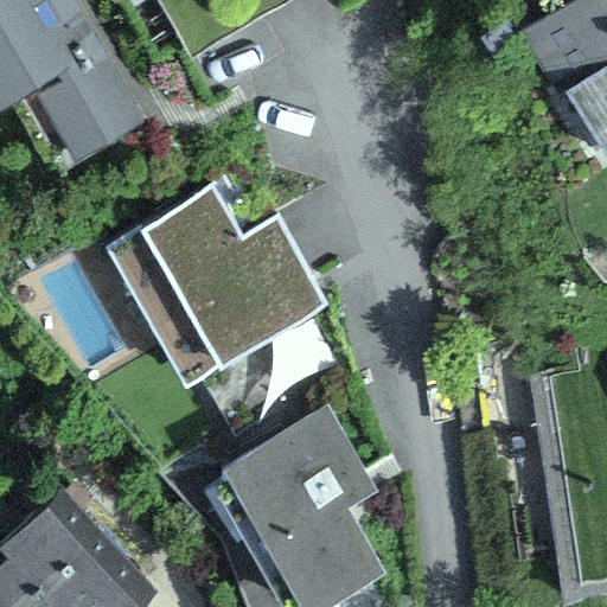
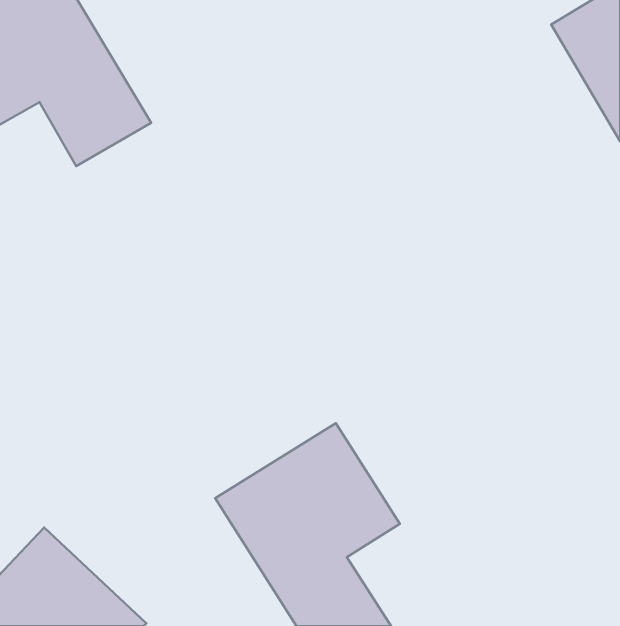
building: [114,181,334,390] -> none

